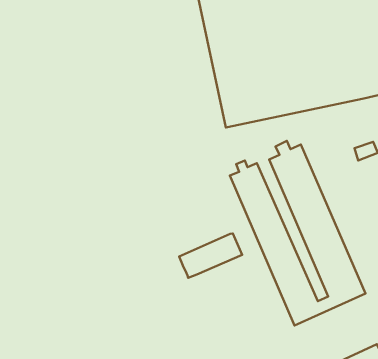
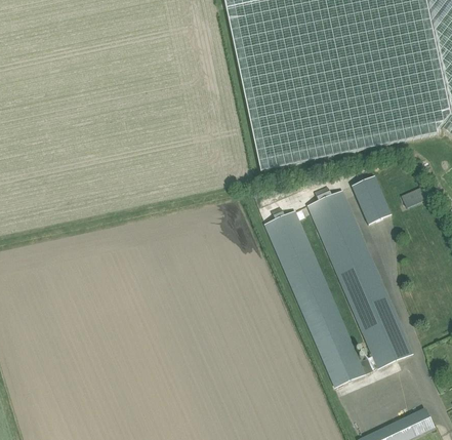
building: none -> [352,175,392,224]
building: [179,233,242,278] -> none

